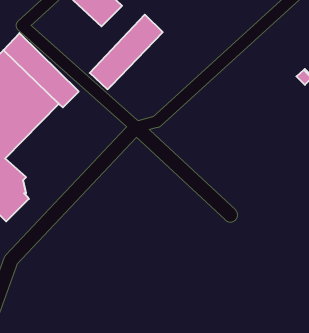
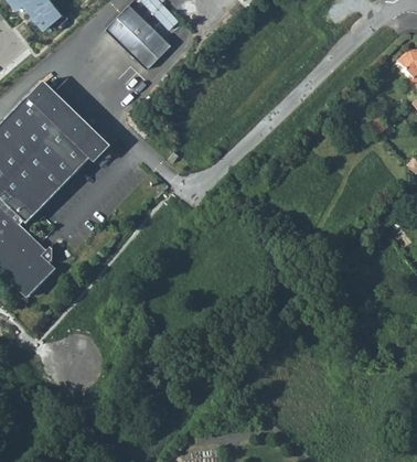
building: [90,15,163,89] -> none

